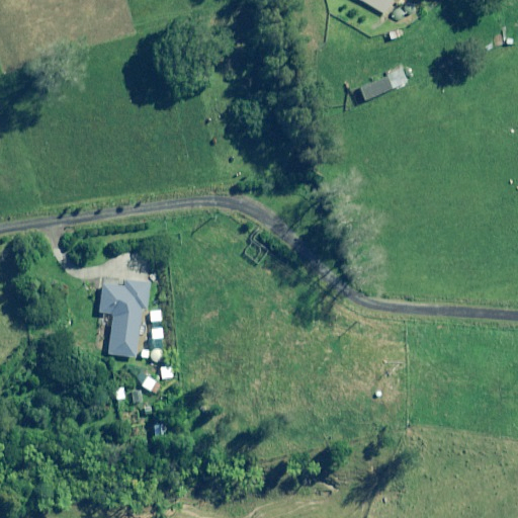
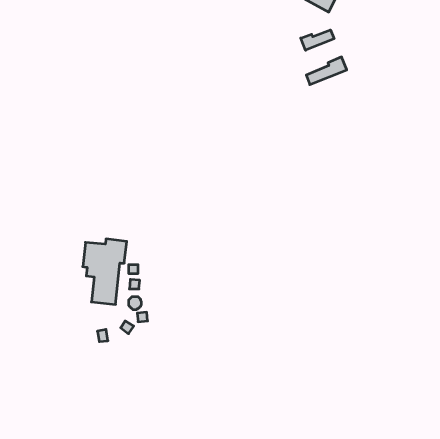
building: none -> [301,30,334,50]

